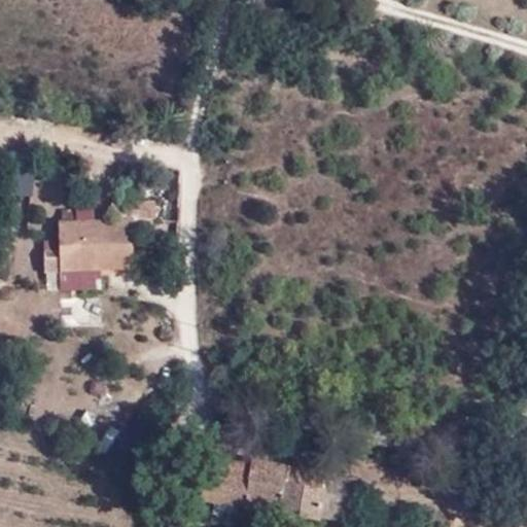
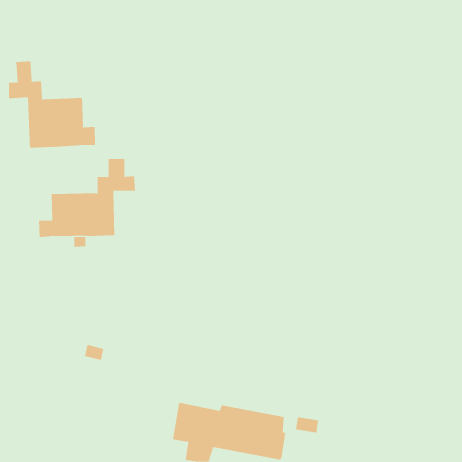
building: none -> [8,60,95,148]

